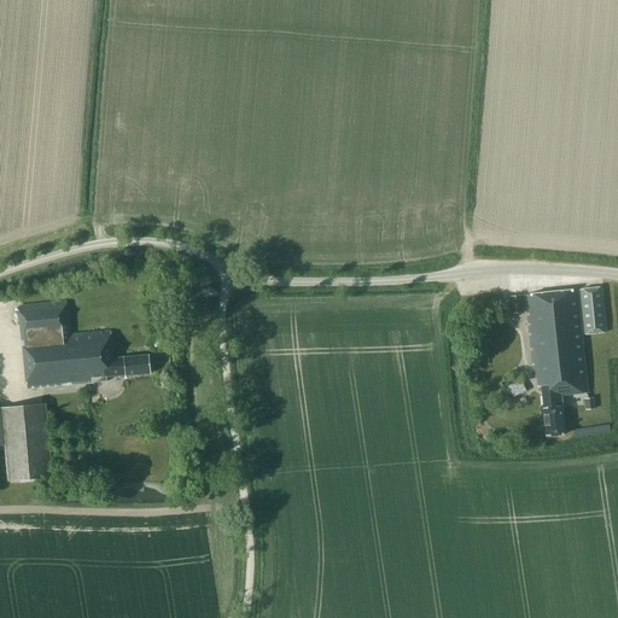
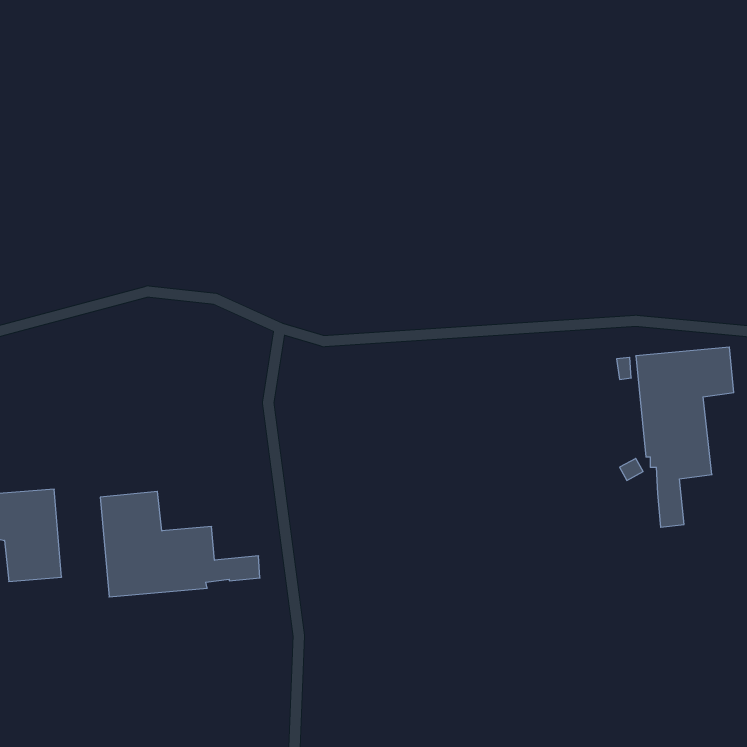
building: [18,301,150,387] -> [100,491,260,597]

